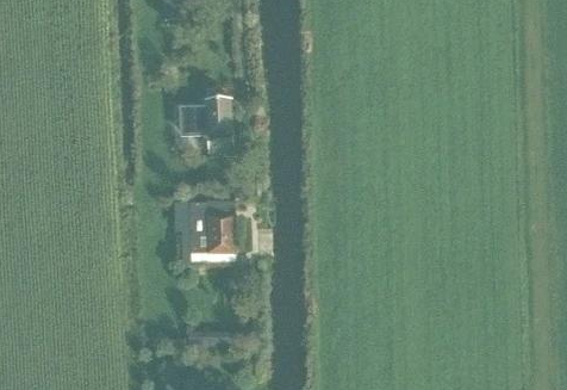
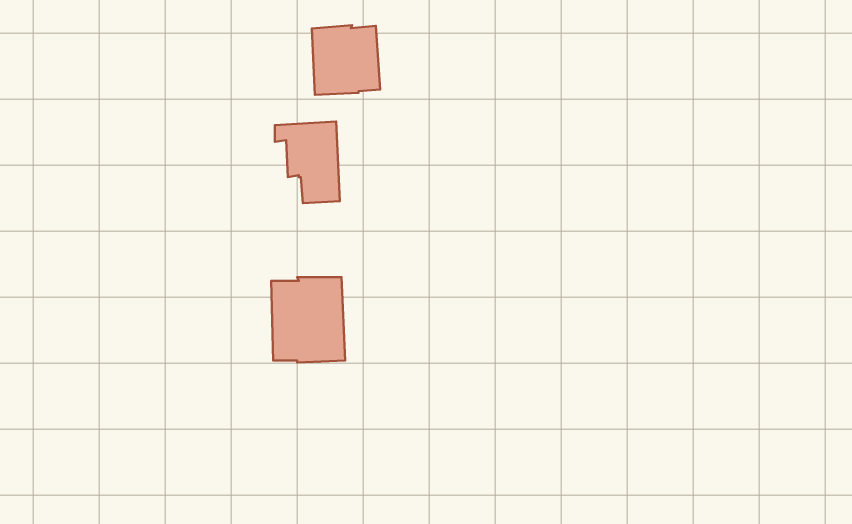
building: none -> [312,25,380,95]

